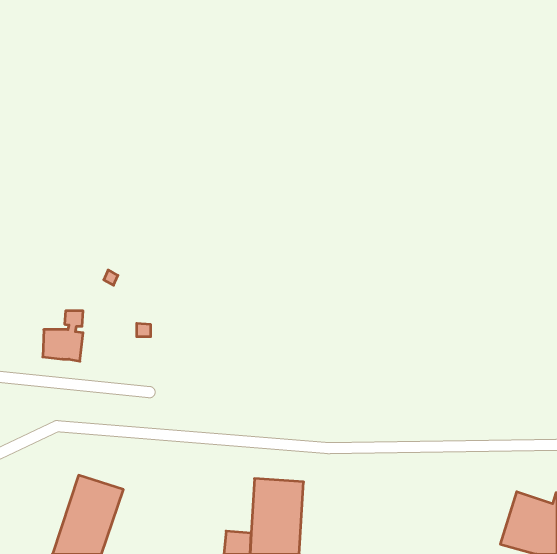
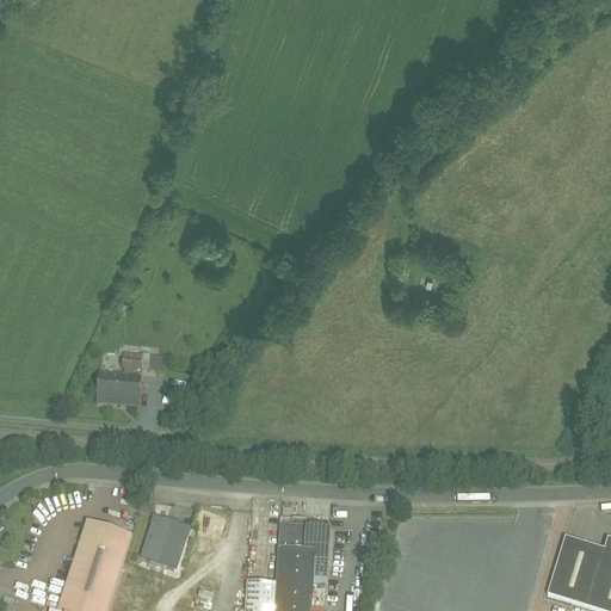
building: [43,311,83,361] -> [97,351,141,406]
building: none -> [138,513,187,568]

